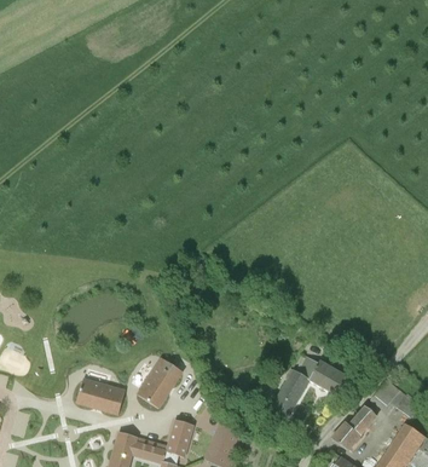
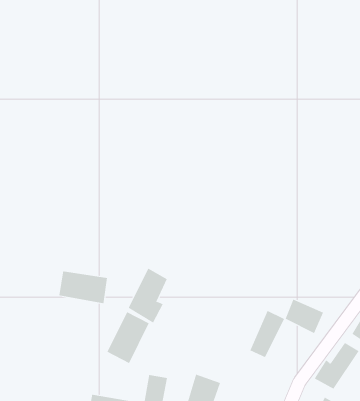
building: none -> [128,268,167,323]
building: [76,379,125,414] -> [58,271,108,304]

